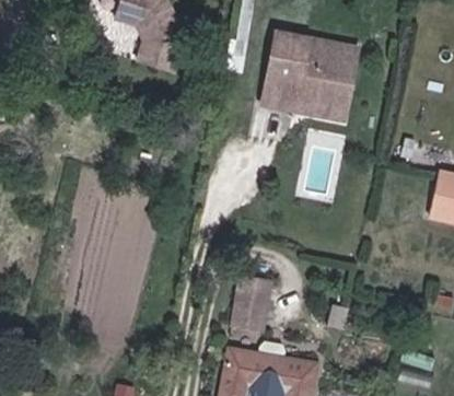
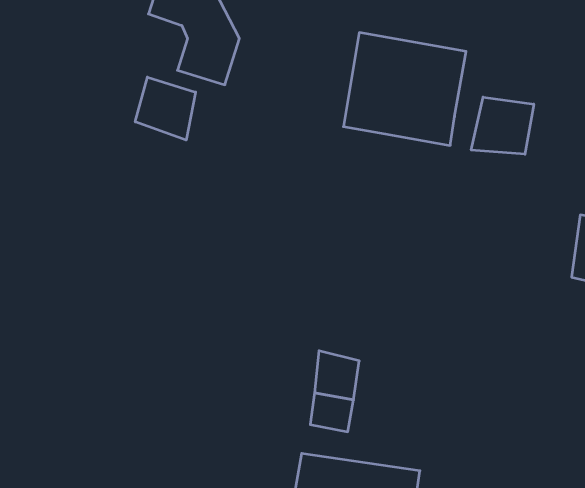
building: none -> [135,77,196,140]
building: none -> [471,97,534,154]

